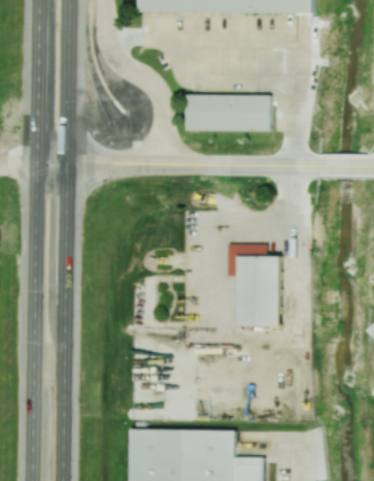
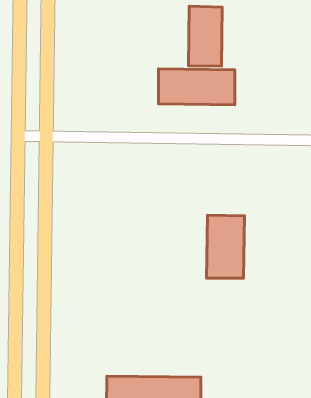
building: none -> [188,6,222,66]

